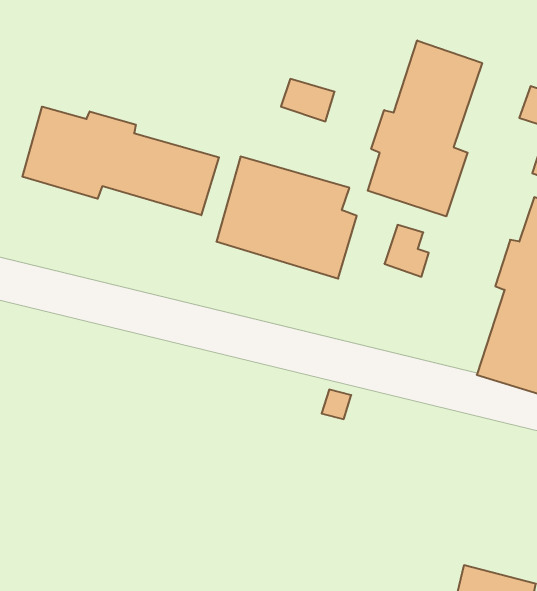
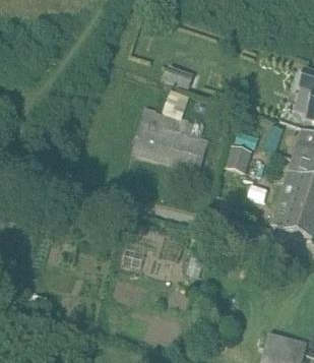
building: [368,40,482,216] -> none
building: [22,107,219,215] -> none

